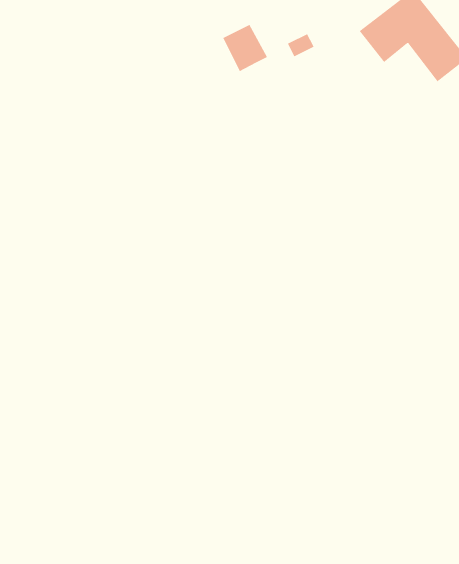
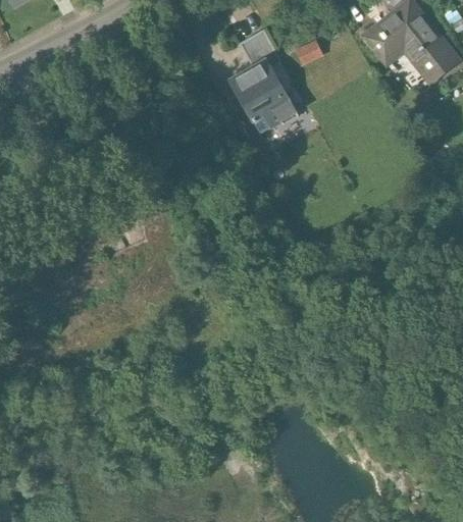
building: none -> [233,65,295,134]

